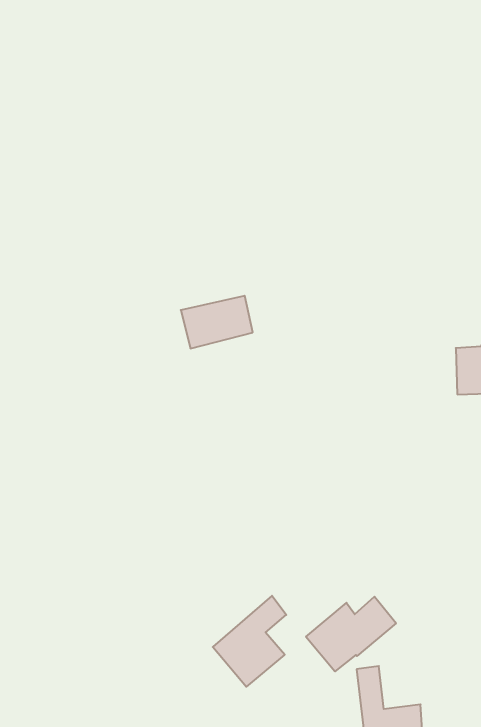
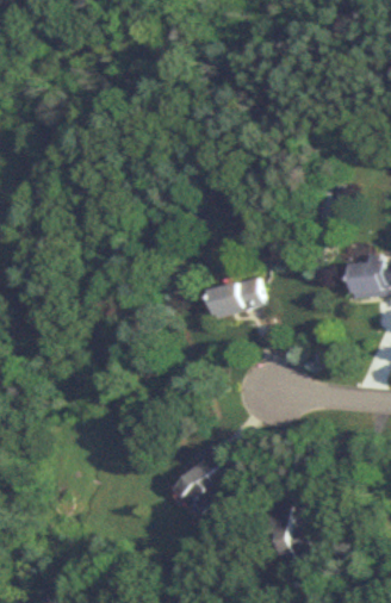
building: [181,296,253,348] -> [204,278,257,317]
building: [306,597,396,671] -> none

